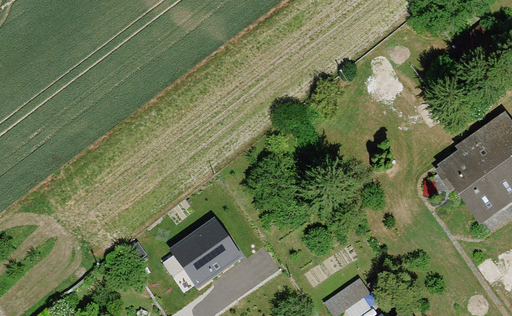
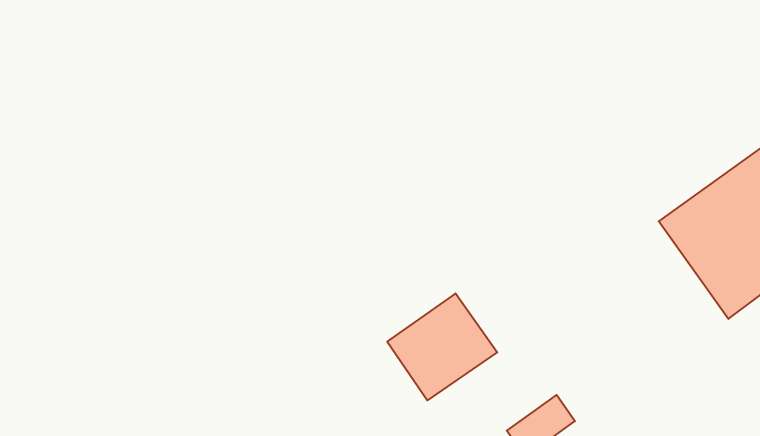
building: [173,217,244,286] -> [387,293,497,400]

